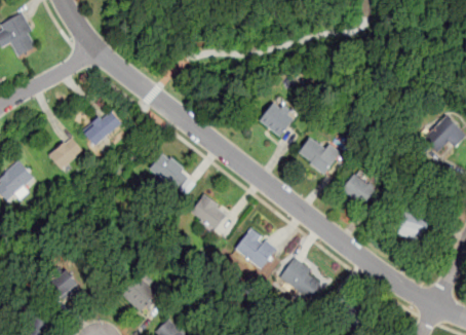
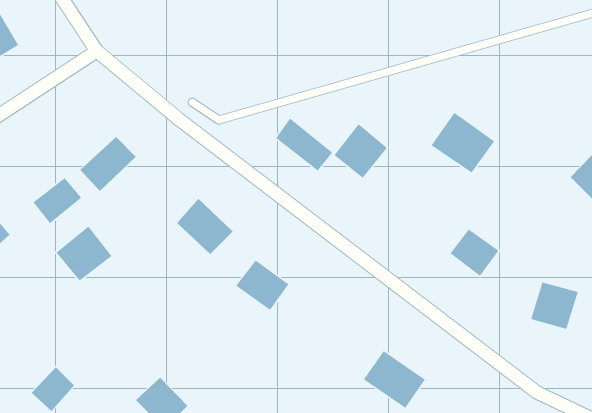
building: none -> [275,117,333,172]
building: [297,133,342,176] -> [431,112,495,173]
building: none -> [56,226,113,282]
building: [235,228,278,269] -> none

